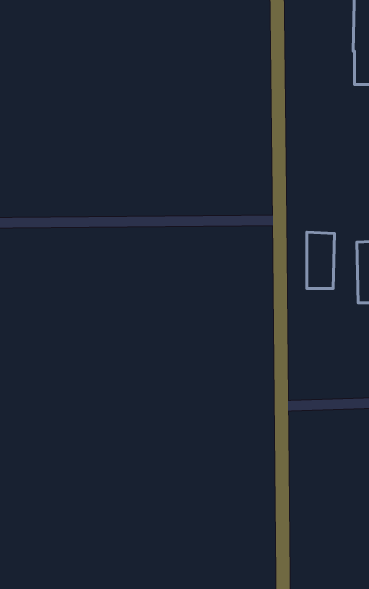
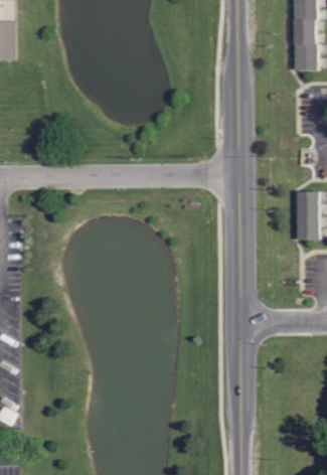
building: [307,232,334,288] -> none

